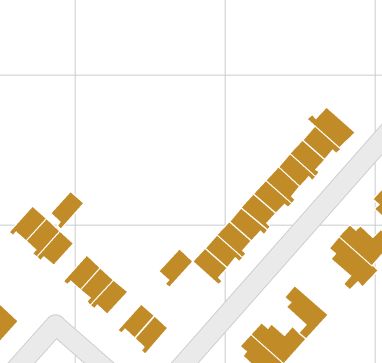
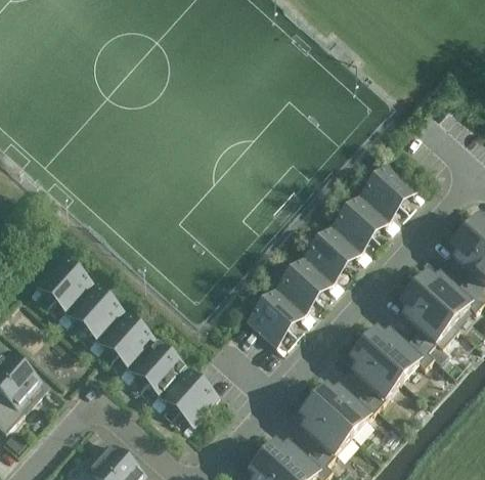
building: [307,107,355,148] -> none
building: [51,192,84,229] -> [86,298,124,341]
building: [159,249,193,287] -> [147,353,186,397]
building: none -> [360,330,432,380]

